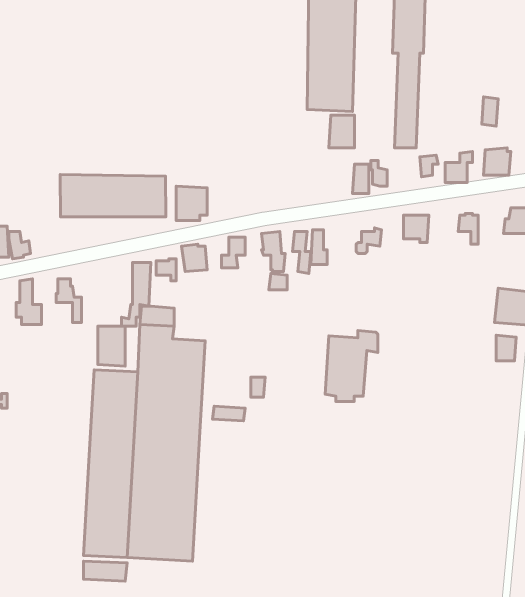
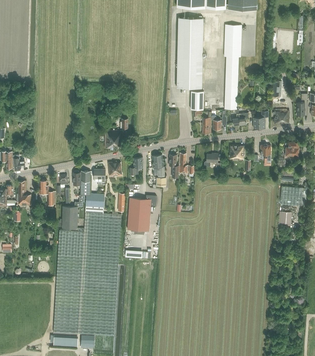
building: [60,175,166,217] -> none
building: [325,330,378,401] -> [128,194,157,233]

